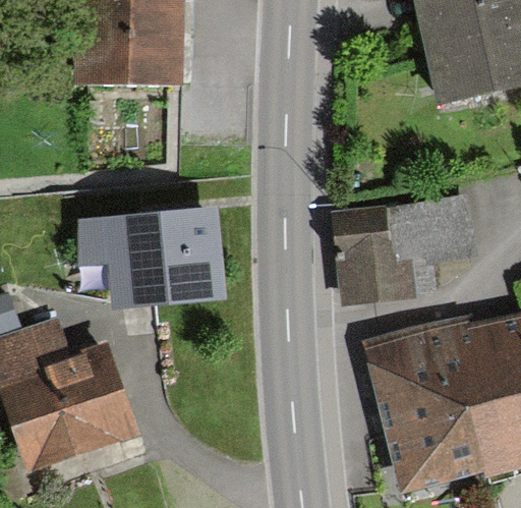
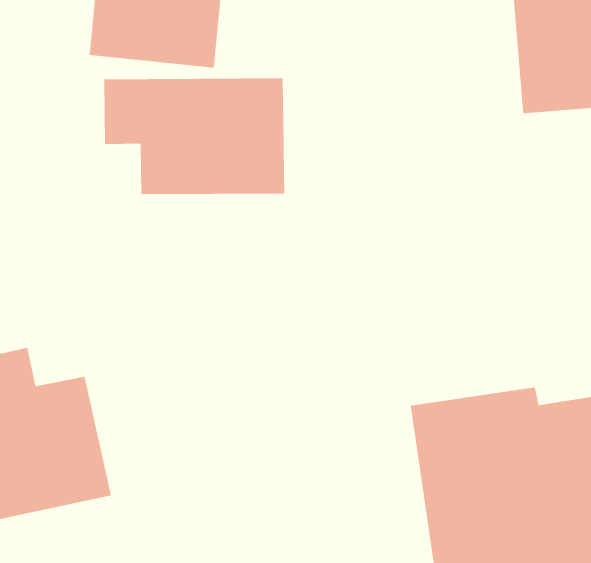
building: [337,193,471,292] -> none
building: [80,206,234,309] -> [103,77,285,195]

